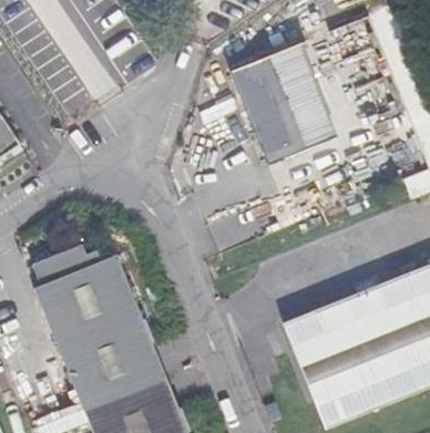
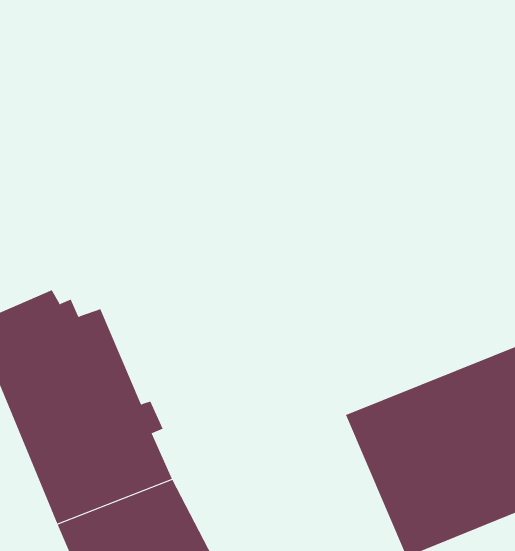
building: [229,40,342,164] -> none

